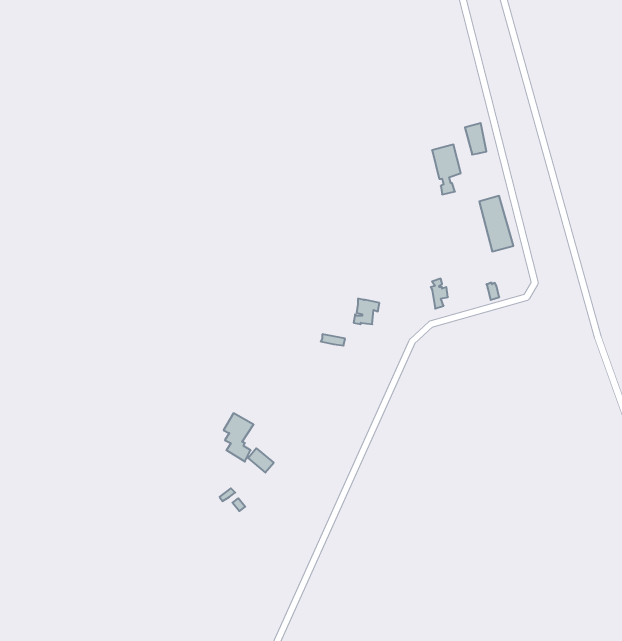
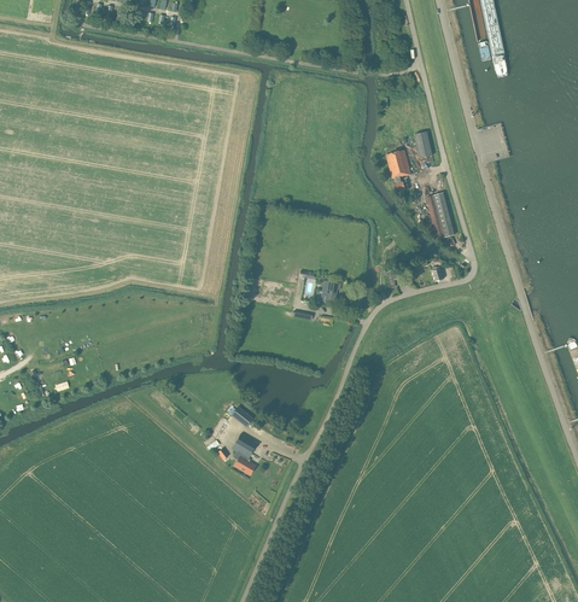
building: [224,413,254,462] -> [232,433,257,474]

